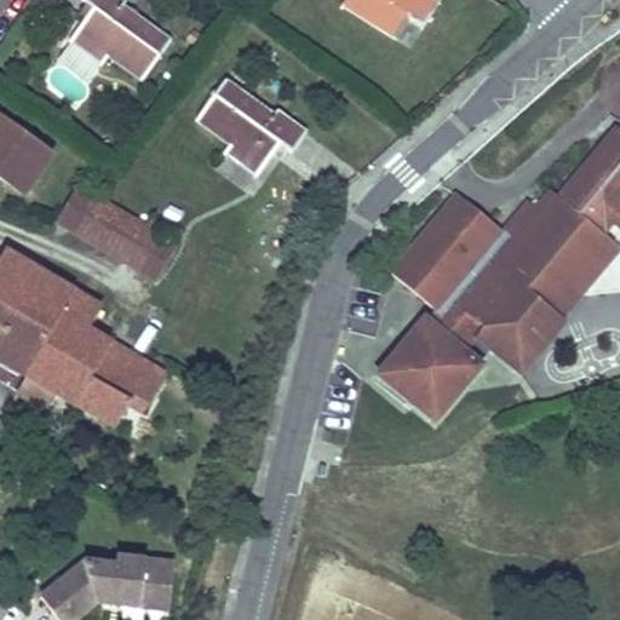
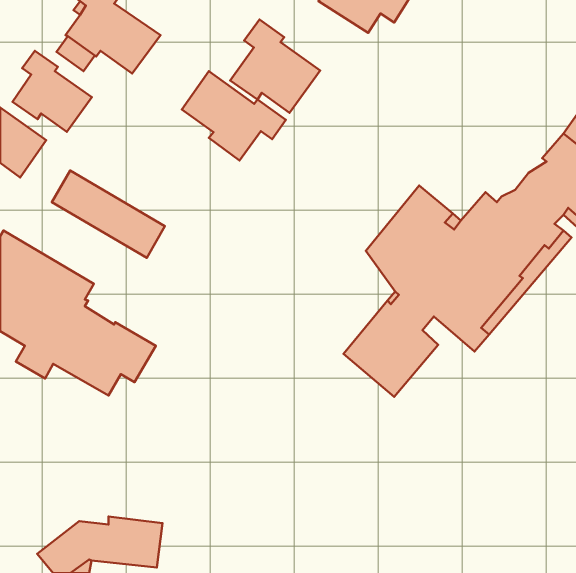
building: none -> [230,19,320,113]
building: none -> [12,51,92,132]

